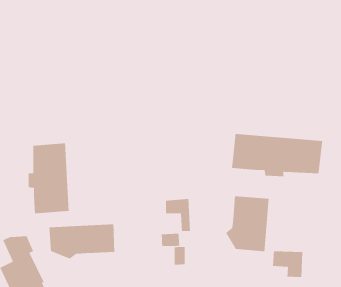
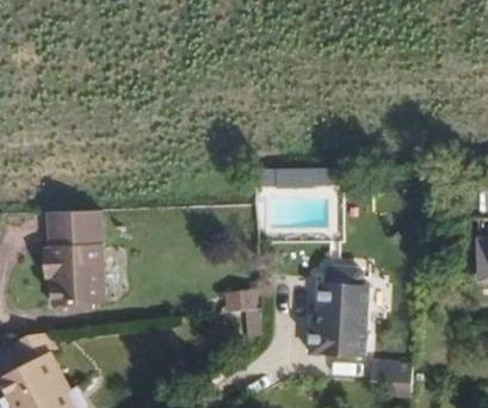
building: [231,133,323,177] -> none
building: [49,223,115,260] -> none

